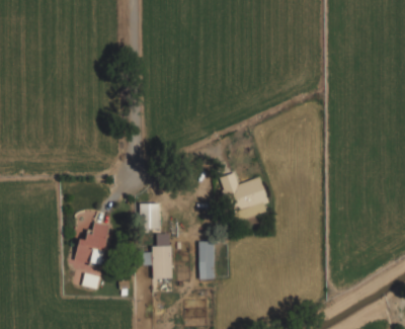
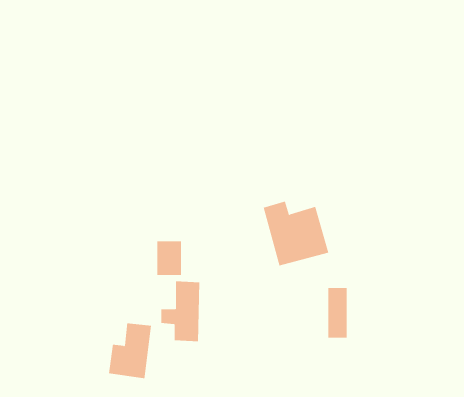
building: [75,223,108,265] -> [108,323,152,379]
building: [198,241,214,279] -> [328,288,347,338]

